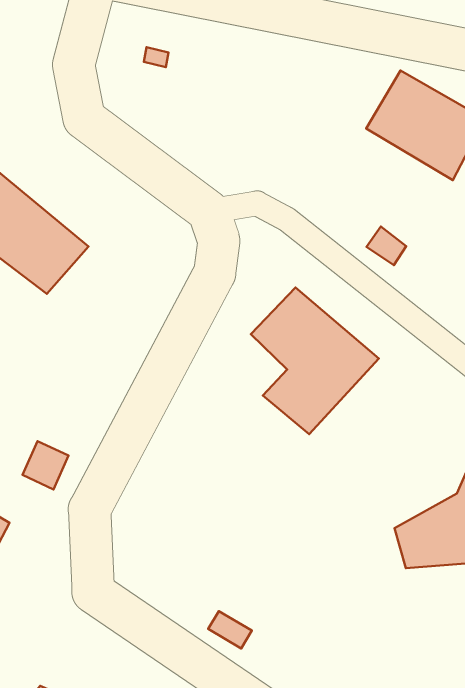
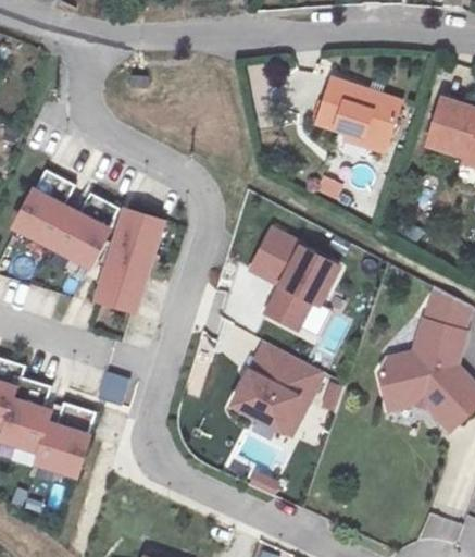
building: none -> [95,205,172,313]
building: none -> [240,344,314,432]

